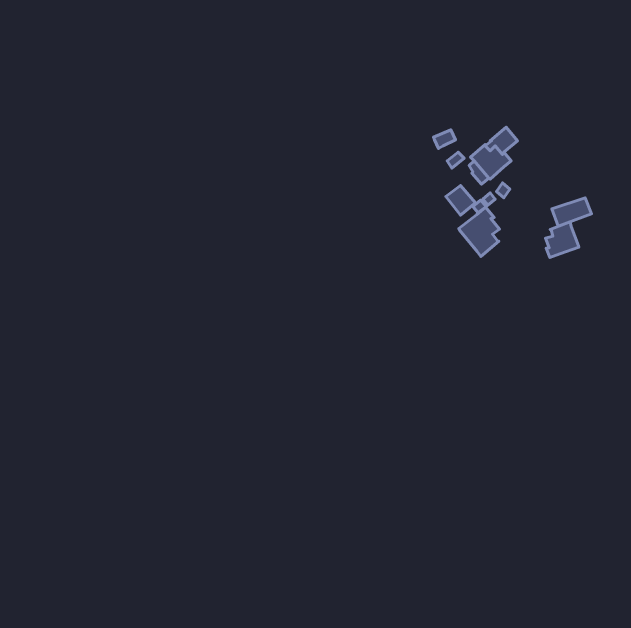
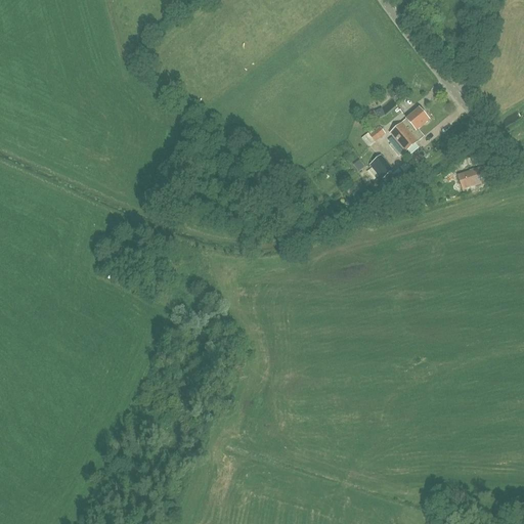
building: [459,207,500,257] -> none
building: [545,222,579,258] -> none

